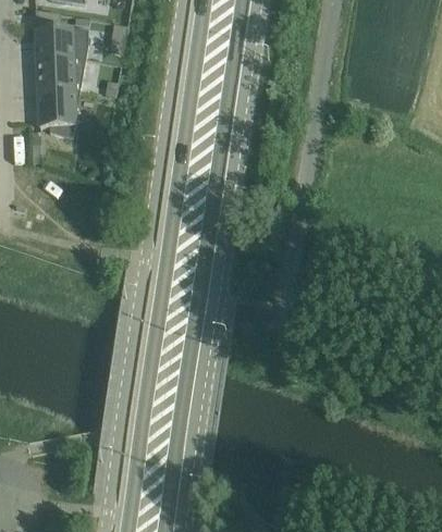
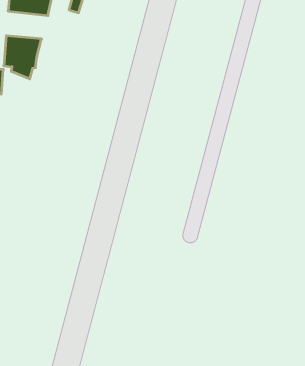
building: [37,62,85,91] -> none

